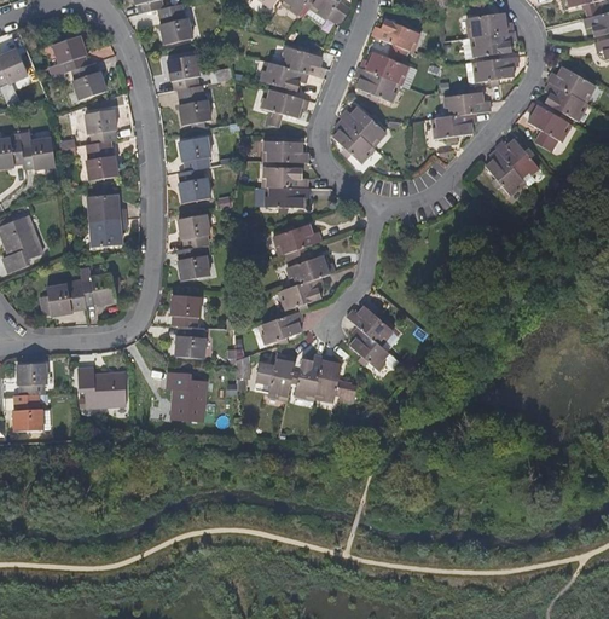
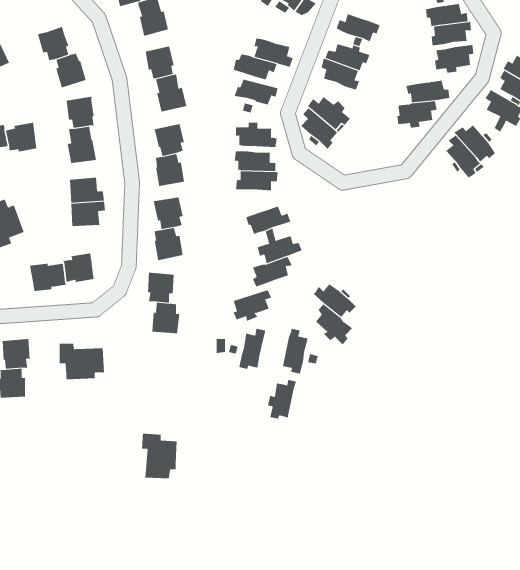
building: [290,354,321,397] -> [267,379,297,419]
building: [167,372,205,421] -> [141,433,178,479]

